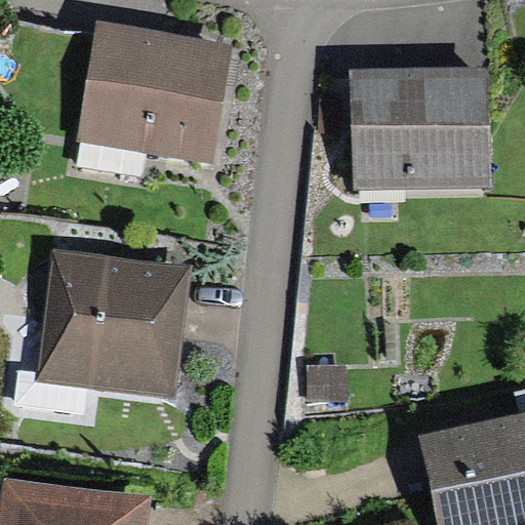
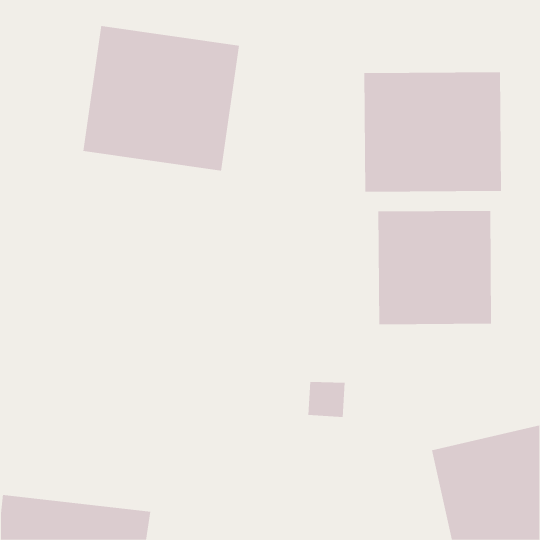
building: none -> [378,210,492,325]
building: [39,253,185,397] -> none

